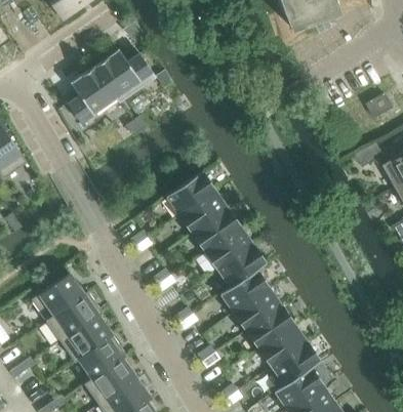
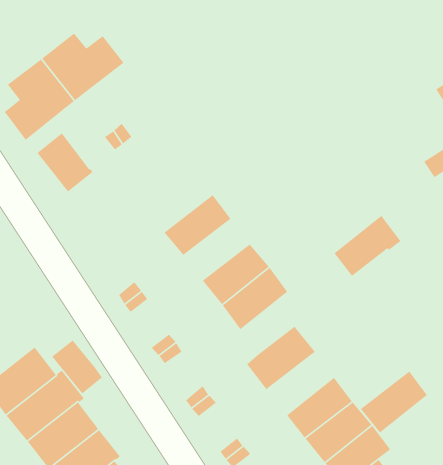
building: none -> [36,132,94,192]
building: [178,189,227,232] -> none
building: [216,243,266,286] -> [333,215,402,277]
building: none -> [51,340,103,395]
building: [233,287,282,331] -> [360,370,428,434]

